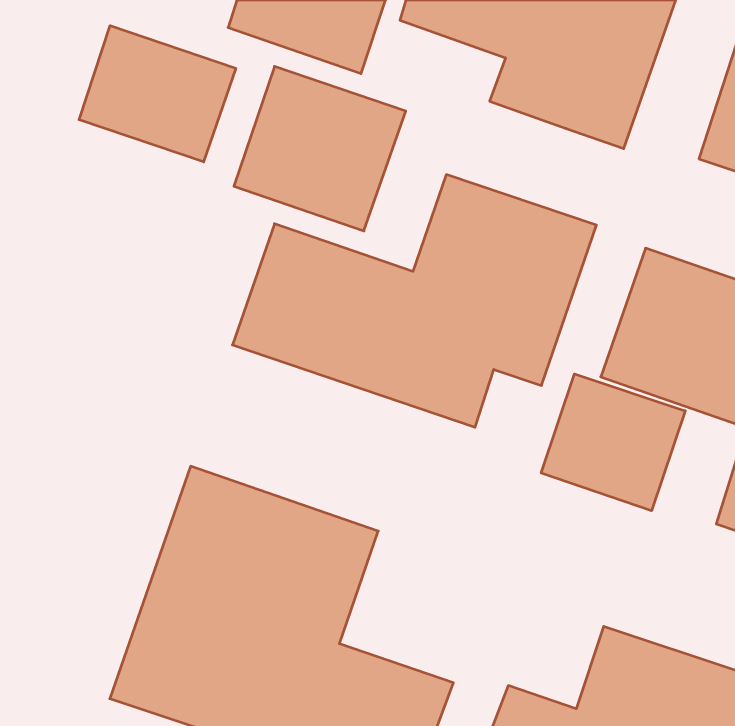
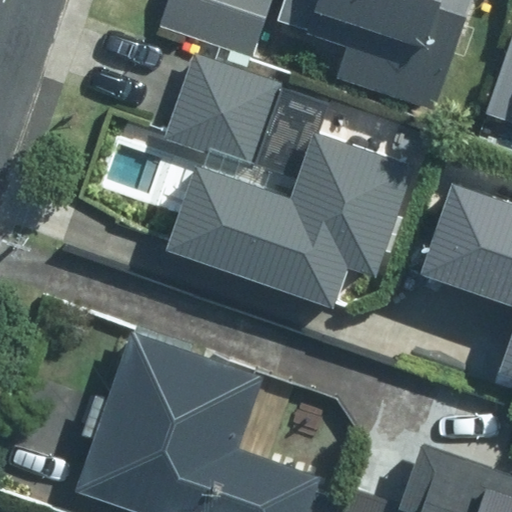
building: [79,26,236,162] -> none
building: [541,374,685,511] -> none

